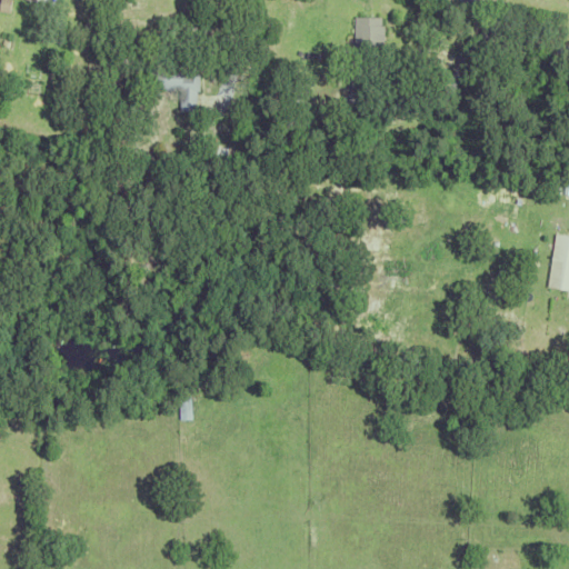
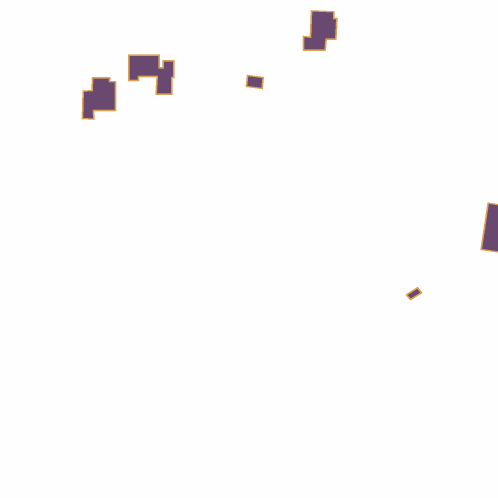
building: none -> [82,78,115,119]

